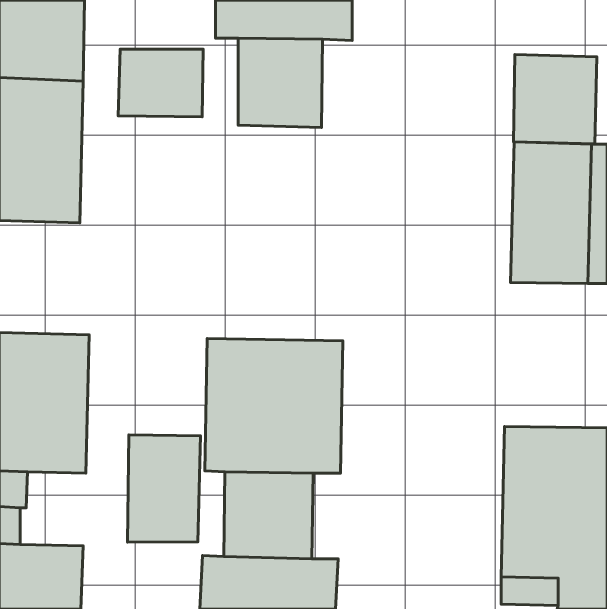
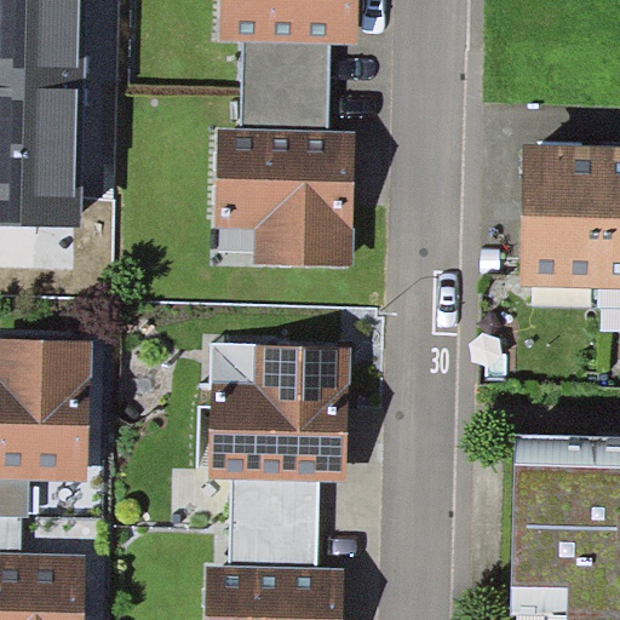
building: [118,49,203,117] -> none
building: [514,55,597,144] -> none
building: none -> [214,127,356,265]
building: [127,435,200,542] -> none

